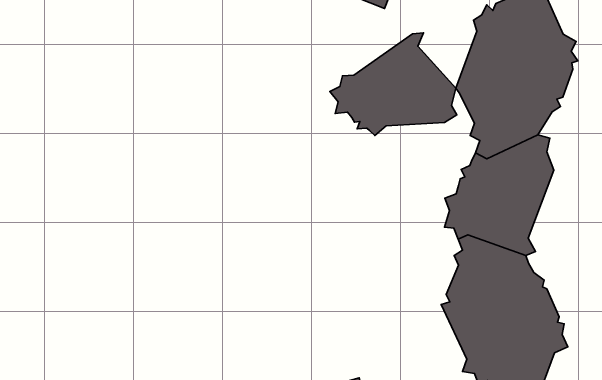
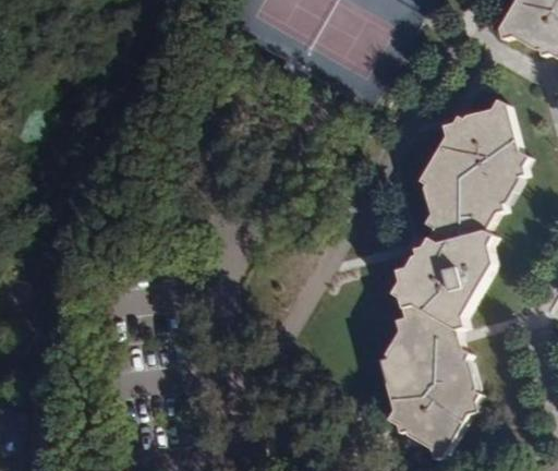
building: [330,33,457,136] -> none

